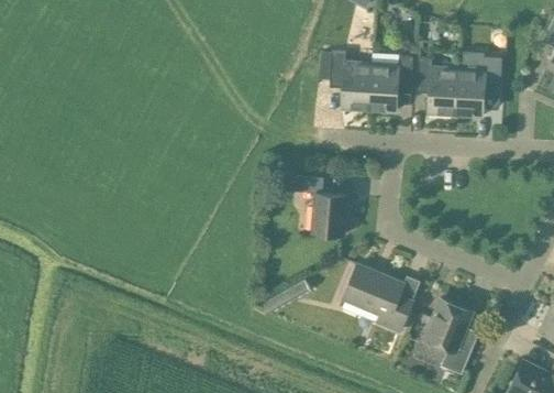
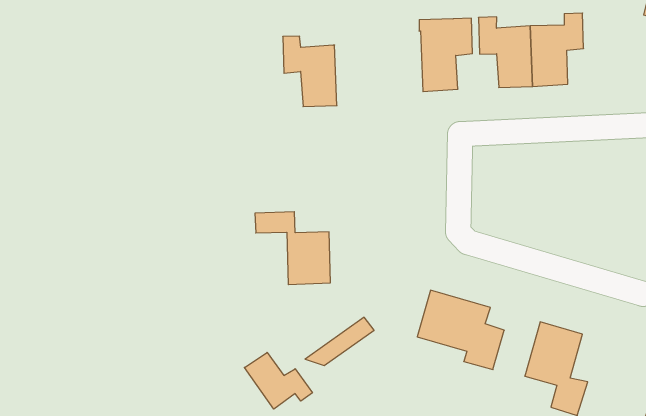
building: [330,51,372,109] -> [283,36,337,107]
building: [290,175,347,236] -> [255,212,330,285]
building: none -> [244,352,312,409]

